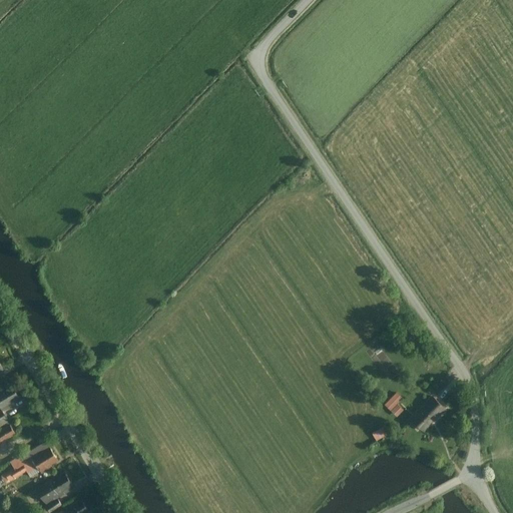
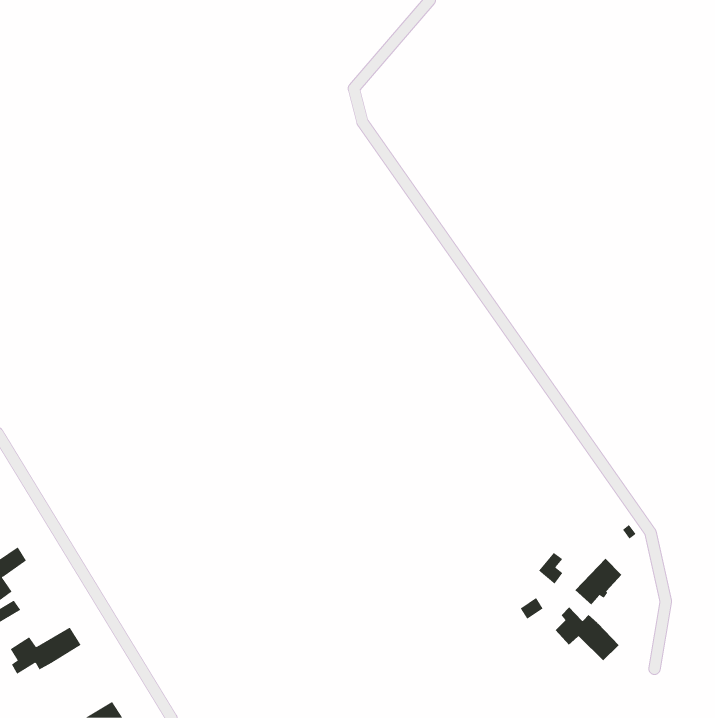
building: none -> [555,607,619,661]
building: [33,471,71,504] -> none

